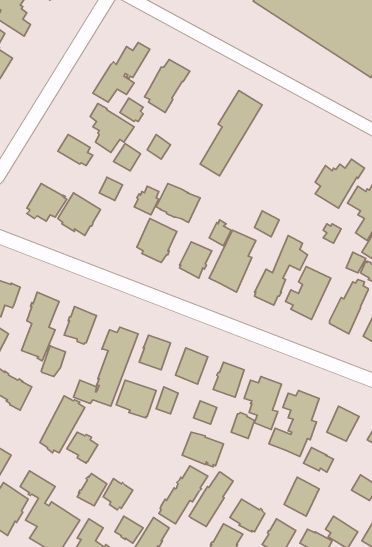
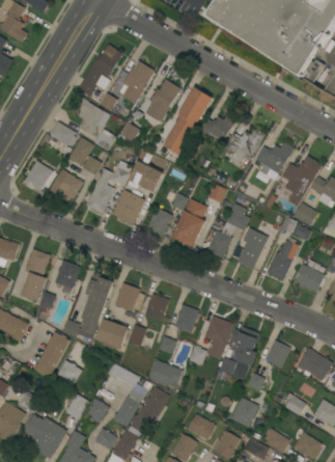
building: none -> [145,79,182,121]
building: none -> [199,113,238,142]
building: none -> [226,128,267,164]
building: none -> [68,137,94,165]
building: none -> [86,168,115,214]
building: [189,472,233,526] -> [112,383,147,427]

